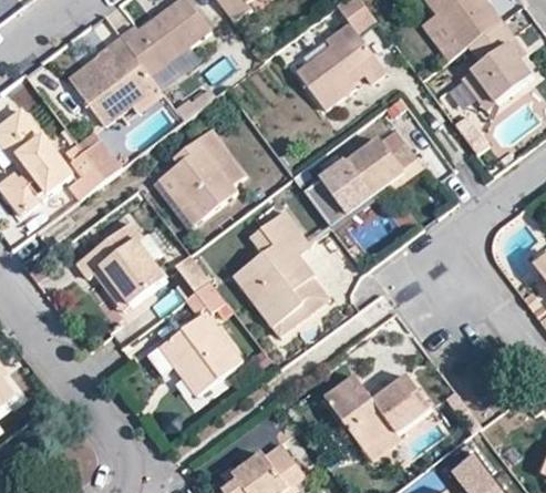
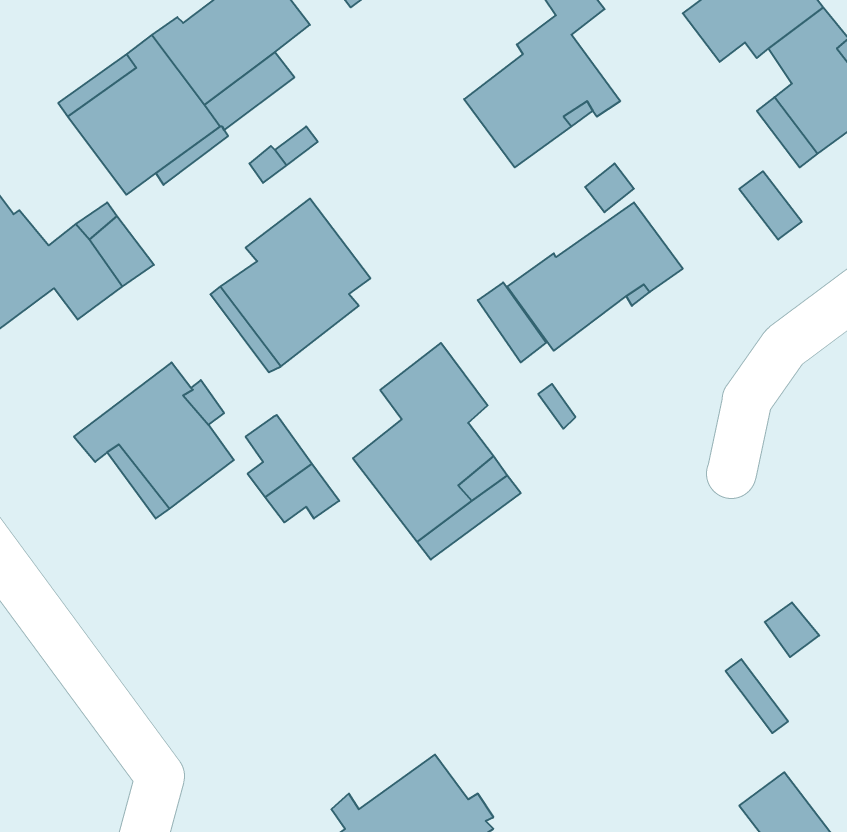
building: [158,314,240,396] -> none
building: [324,376,430,461] -> none

